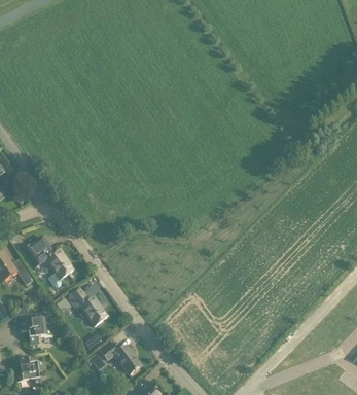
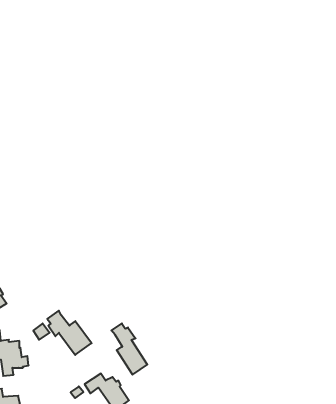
building: [35,245,73,287] -> none
building: none -> [111,323,147,375]

